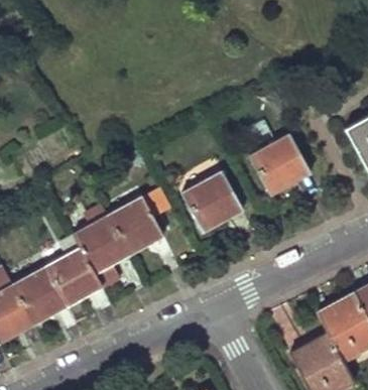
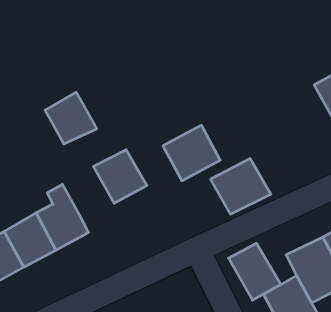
building: [247,134,312,193] -> [211,159,271,214]
building: [74,216,129,271] -> [45,92,97,144]
building: none -> [228,243,281,300]

